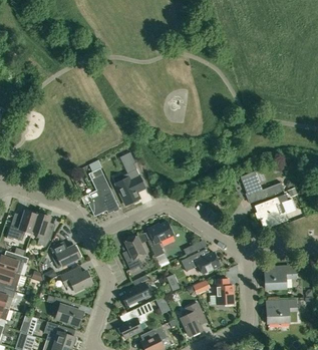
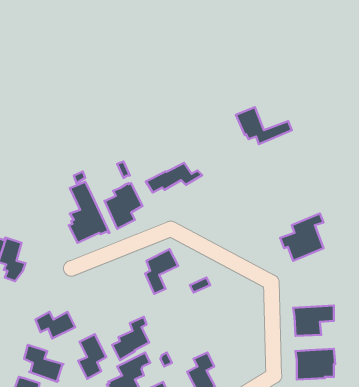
building: none -> [146,163,202,193]
building: [240,171,284,201] -> [236,107,292,144]
building: [123,236,145,271] -> [78,334,106,379]
building: [50,243,80,269] -> none
building: [181,253,220,274] -> none
building: [215,279,234,305] -> none

